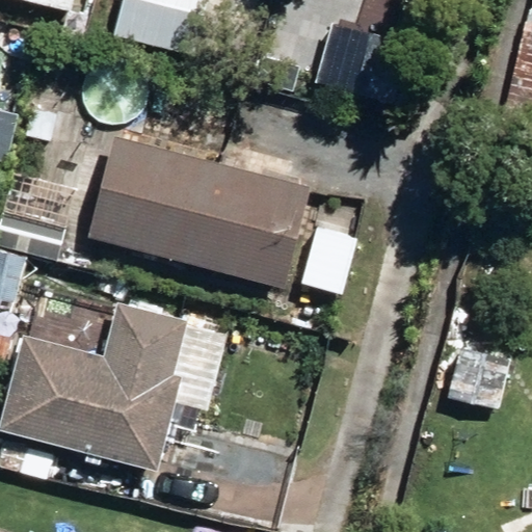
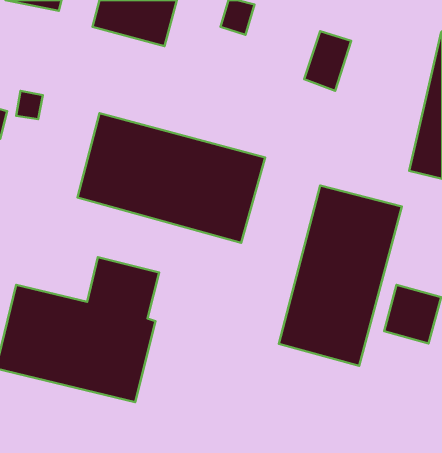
building: none -> [279,185,402,366]

